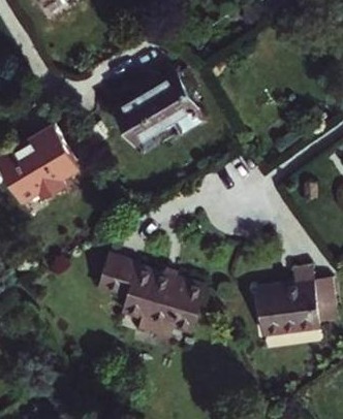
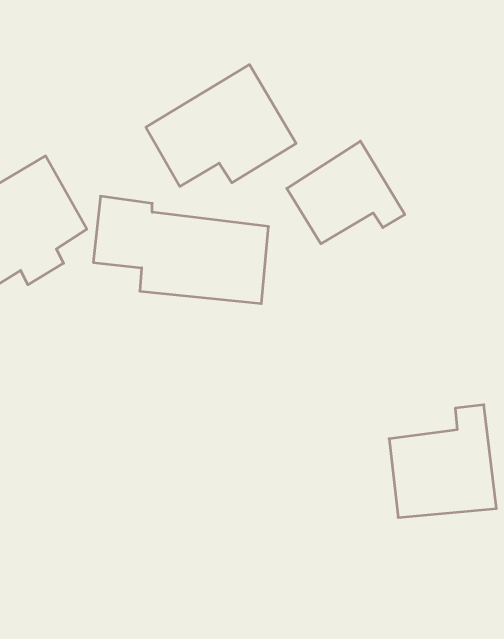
building: none -> [287,141,405,244]
building: [98,263,199,325] -> [93,196,269,304]

